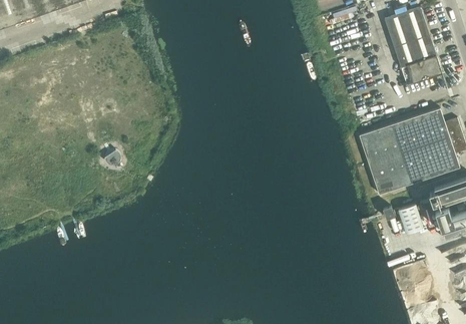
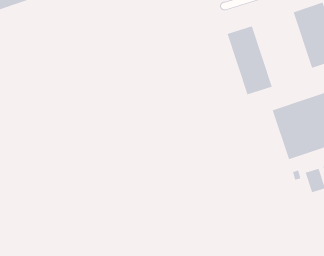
building: none -> [227,26,272,95]

